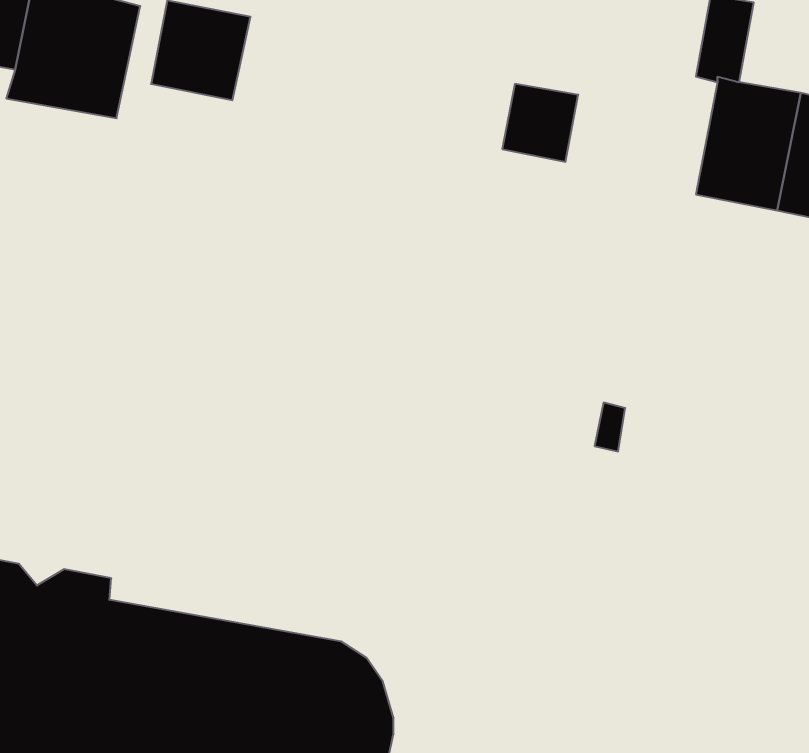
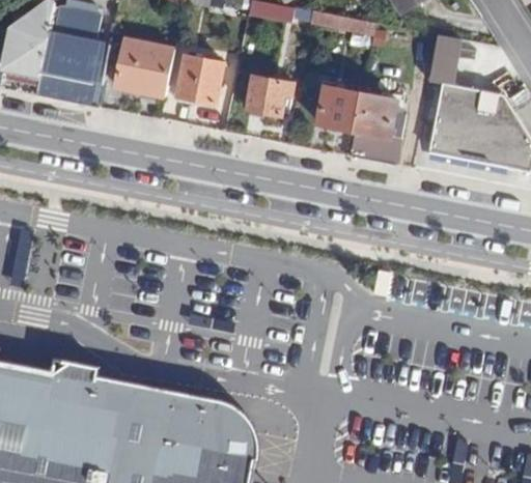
building: none -> [178,56,223,103]
building: none -> [249,77,296,115]
building: none -> [351,92,404,164]

